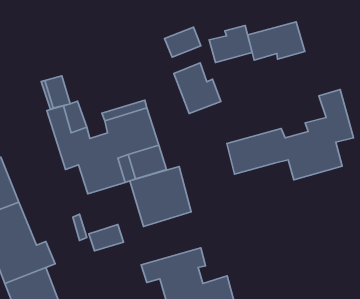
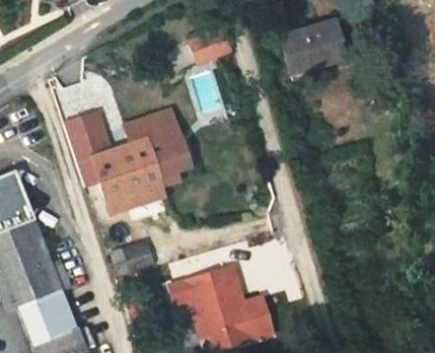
building: [209,26,252,62] -> none
building: [174,63,221,113] -> none
building: [227,90,353,180] -> none
building: [130,166,191,226] -> none

